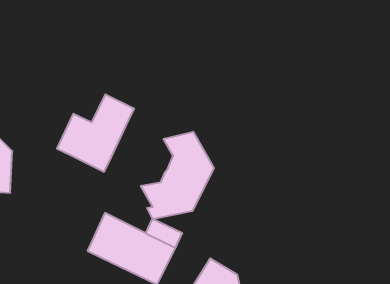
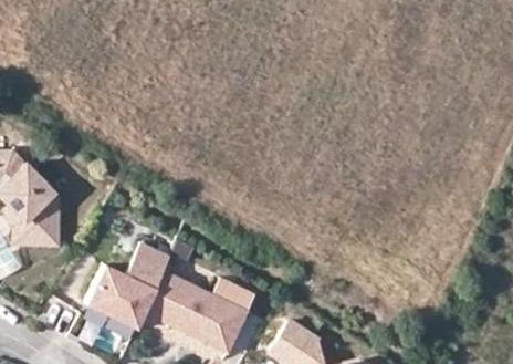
building: [57,94,134,172] -> [86,241,175,330]
building: [141,132,214,219] -> none

